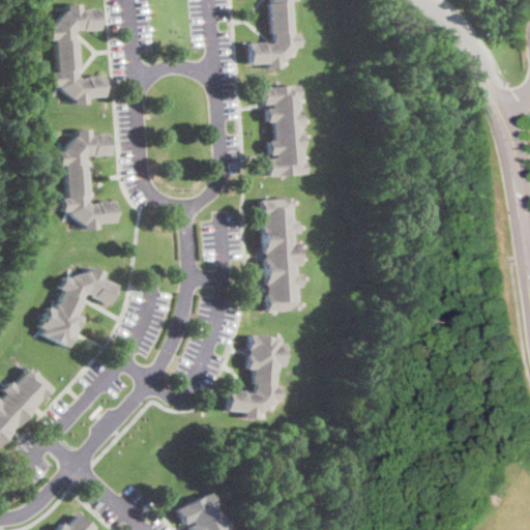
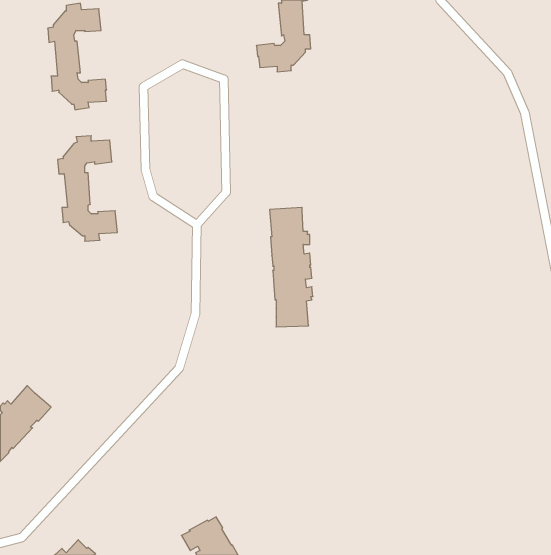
building: [263,85,305,177] -> none
building: [39,267,118,348] -> none
building: [228,335,286,419] -> none

